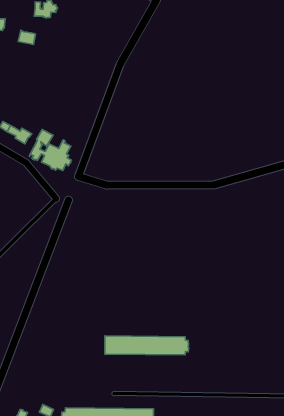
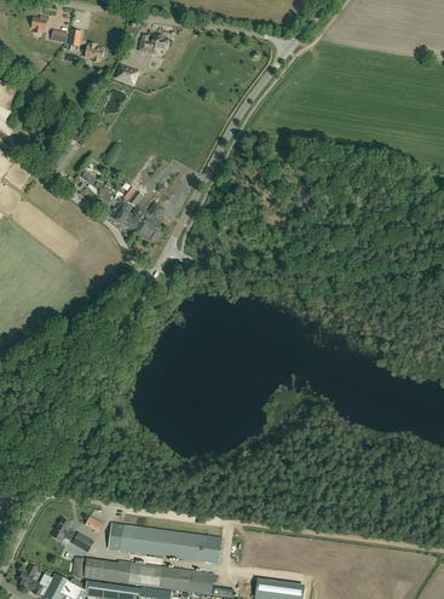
building: [105,336,189,355] -> none

